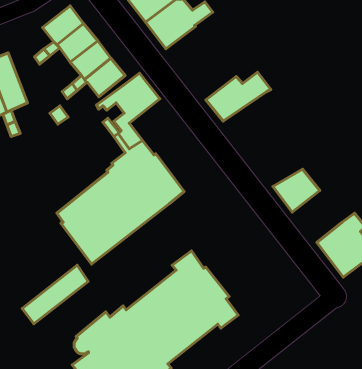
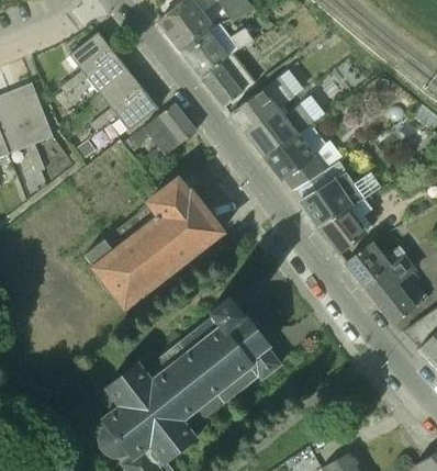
building: none -> [202,54,255,106]
building: none -> [229,69,304,133]
building: none -> [264,124,326,190]
building: none -> [299,171,365,226]
building: none -> [345,240,405,287]
building: [22,265,88,324] -> none

